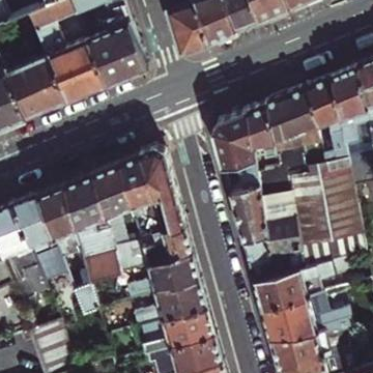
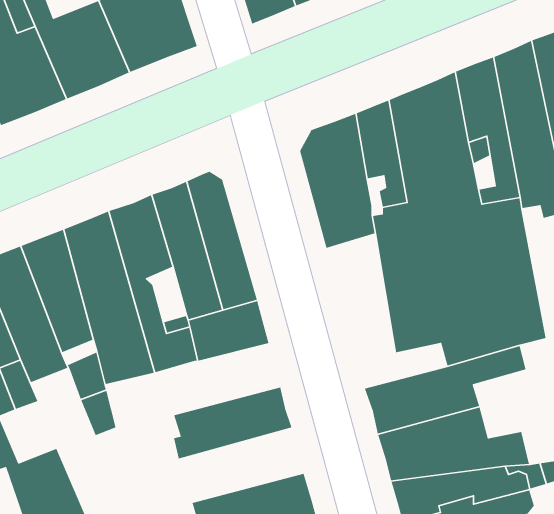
building: [228,185,304,282] -> none
building: [125,254,200,298] -> none
building: [135,307,214,353] -> none

